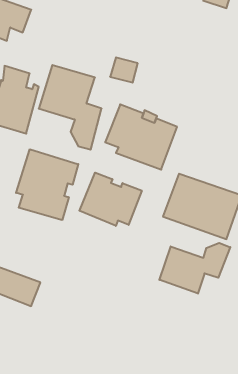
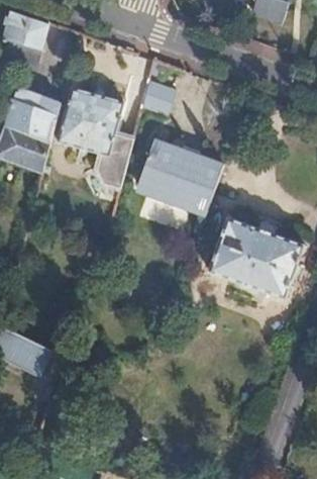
building: [16,149,78,220] -> none
building: [79,173,142,226] -> none
building: [159,243,230,294] -> none

